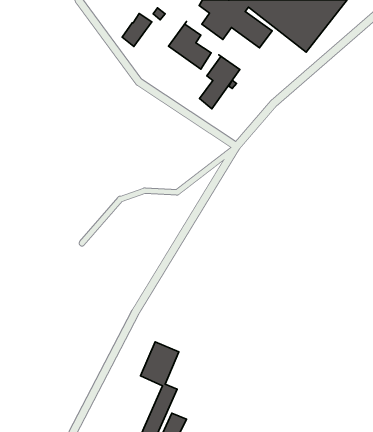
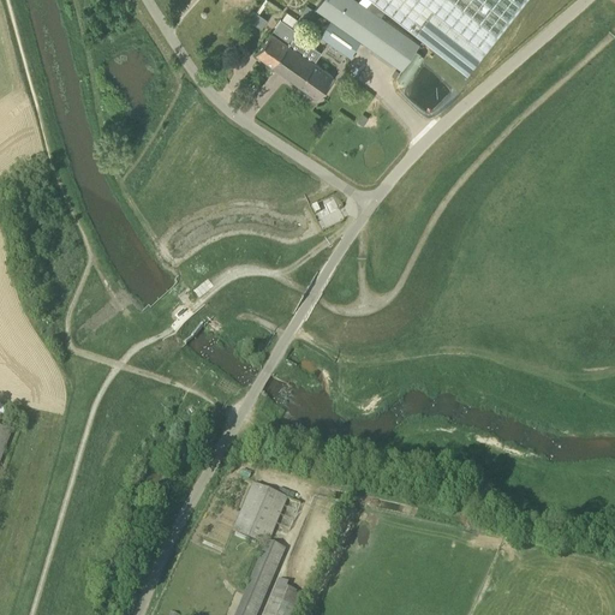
building: [122,13,152,47] -> [256,19,298,66]
building: [200,55,240,109] -> none

